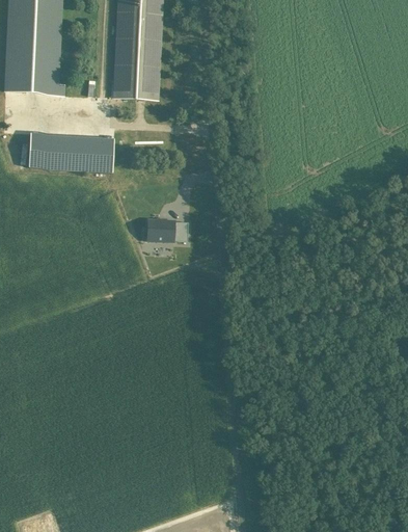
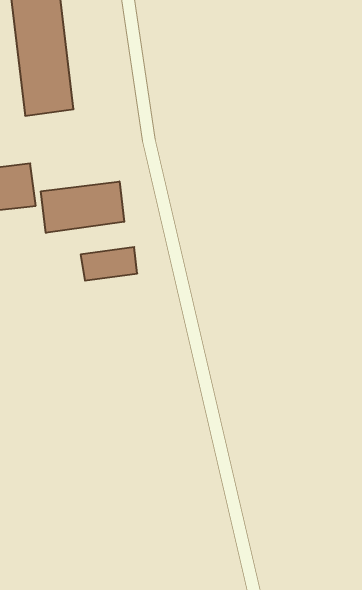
building: none -> [41,181,124,233]

